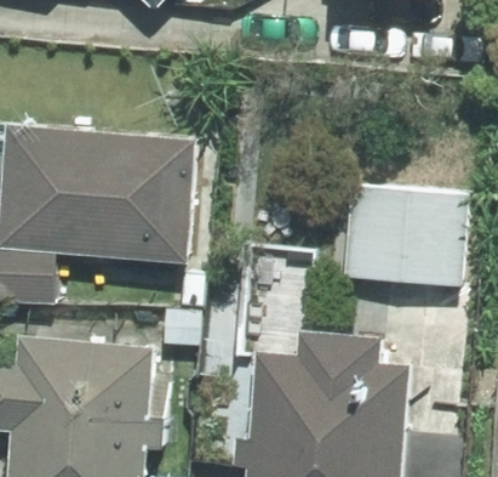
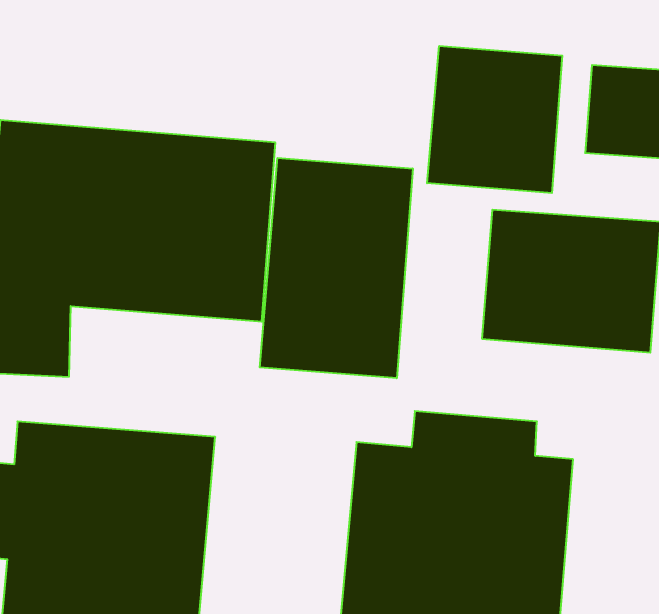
building: none -> [427,46,562,193]
building: none -> [260,158,413,378]

